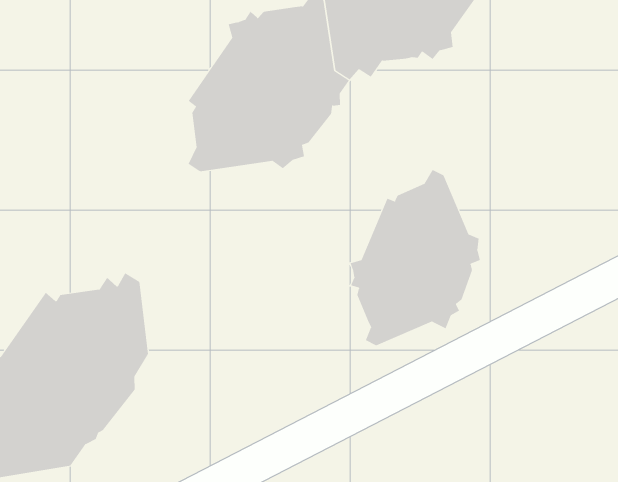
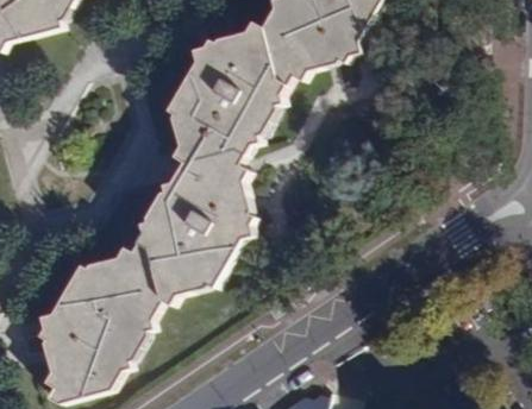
building: none -> [134,153,254,306]
building: [350,169,480,346] -> none

